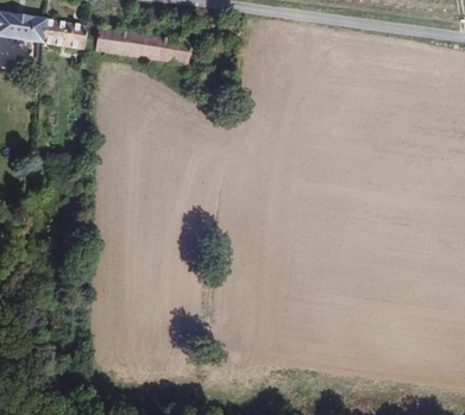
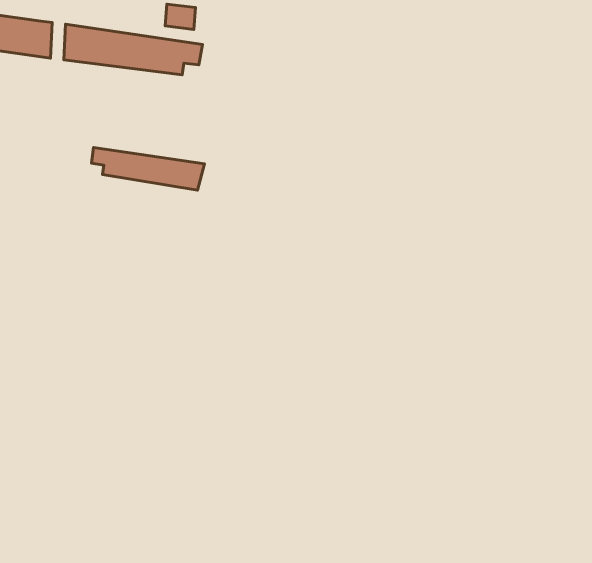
building: none -> [92,147,204,190]

